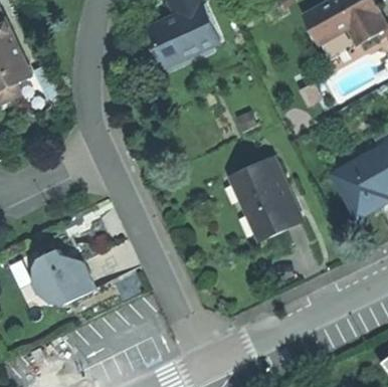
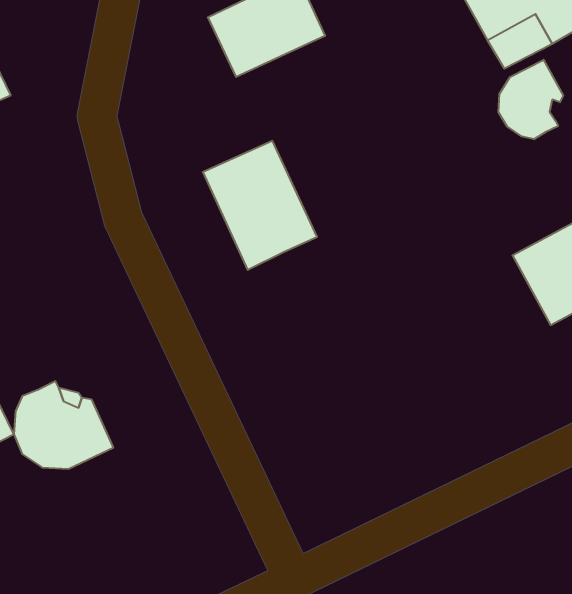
building: none -> [499,60,563,139]
building: [232,156,302,234] -> [203,141,317,270]

